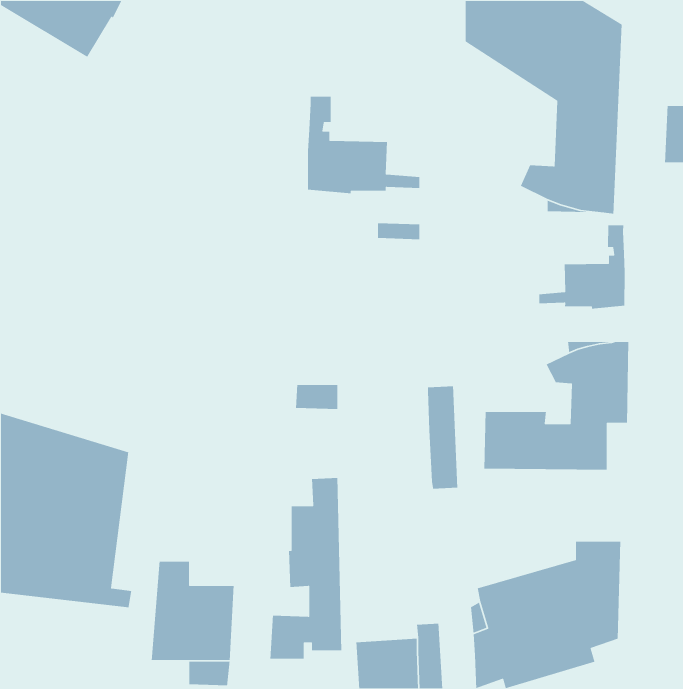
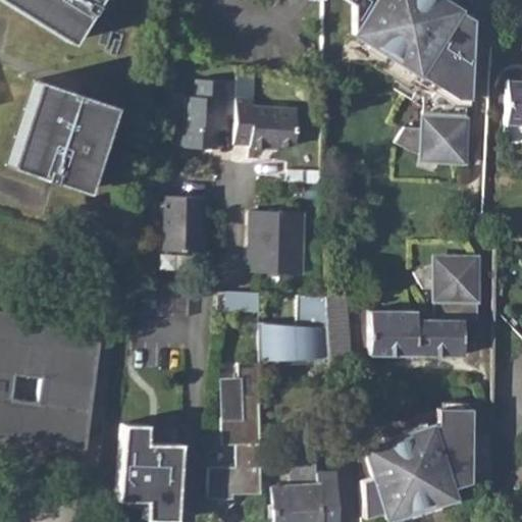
building: none -> [184,77,239,147]
building: none -> [10,82,115,193]
building: [539,225,626,309] -> none
building: none -> [165,194,207,250]
building: none -> [251,209,306,273]
building: none -> [260,294,330,366]

